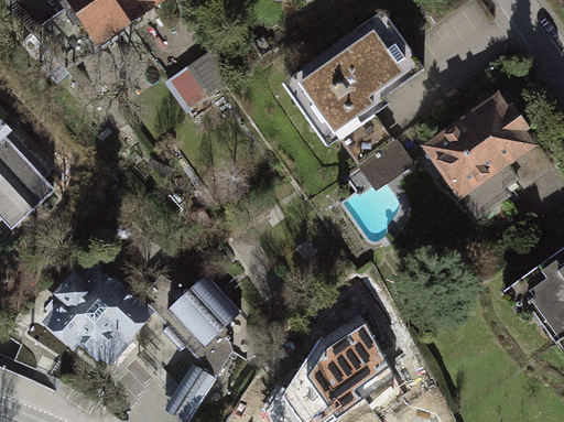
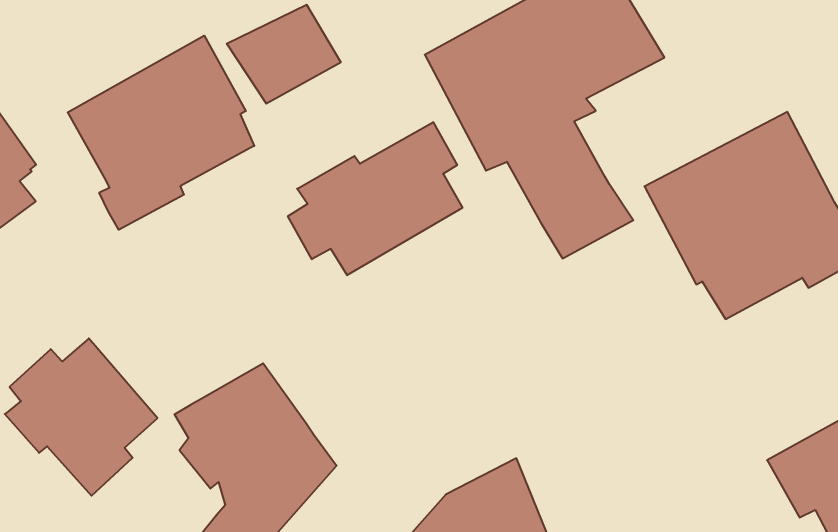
building: none -> [68,36,254,230]
building: none -> [288,122,462,275]

